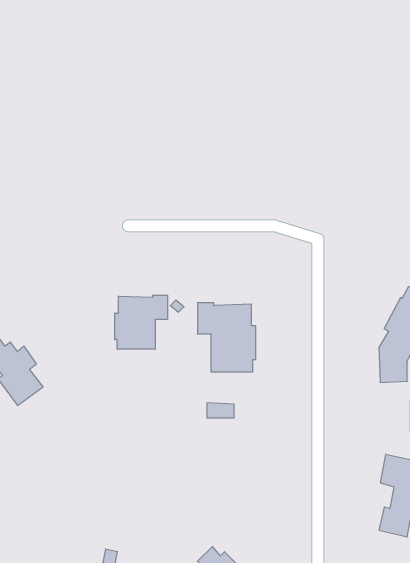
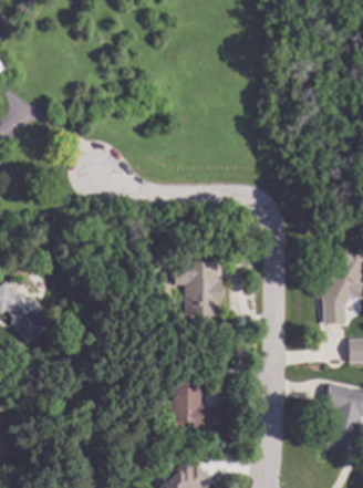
building: [115,295,167,349] -> none
building: none -> [173,381,220,428]

